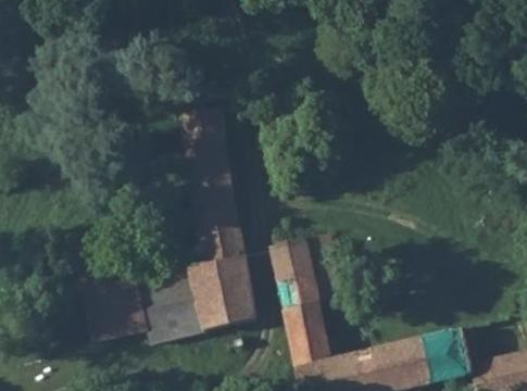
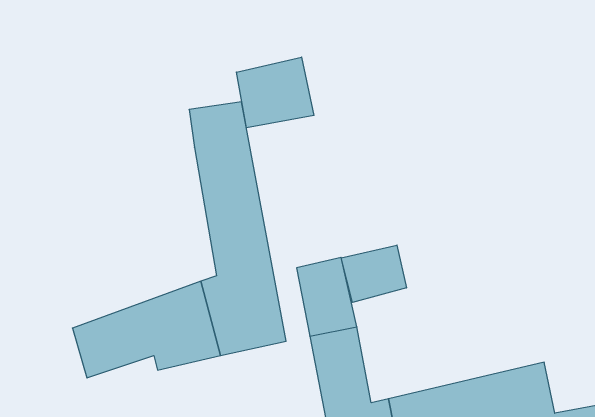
building: none -> [236,57,314,128]
building: none -> [341,245,406,302]

